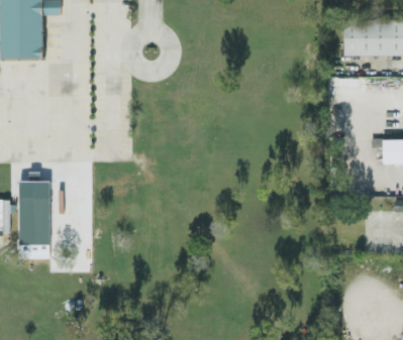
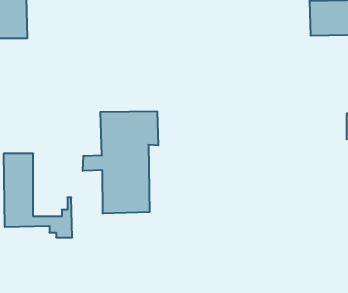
building: none -> [83,111,158,214]

